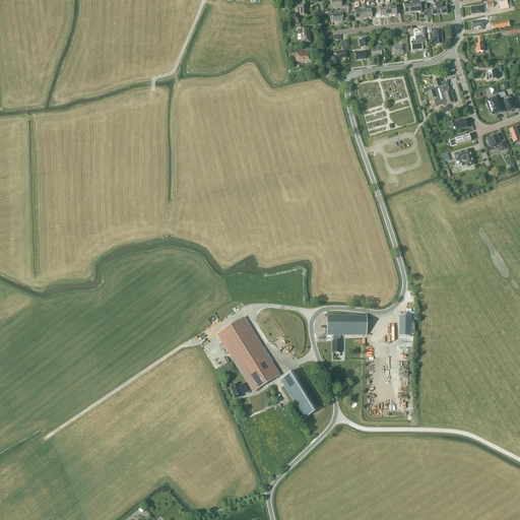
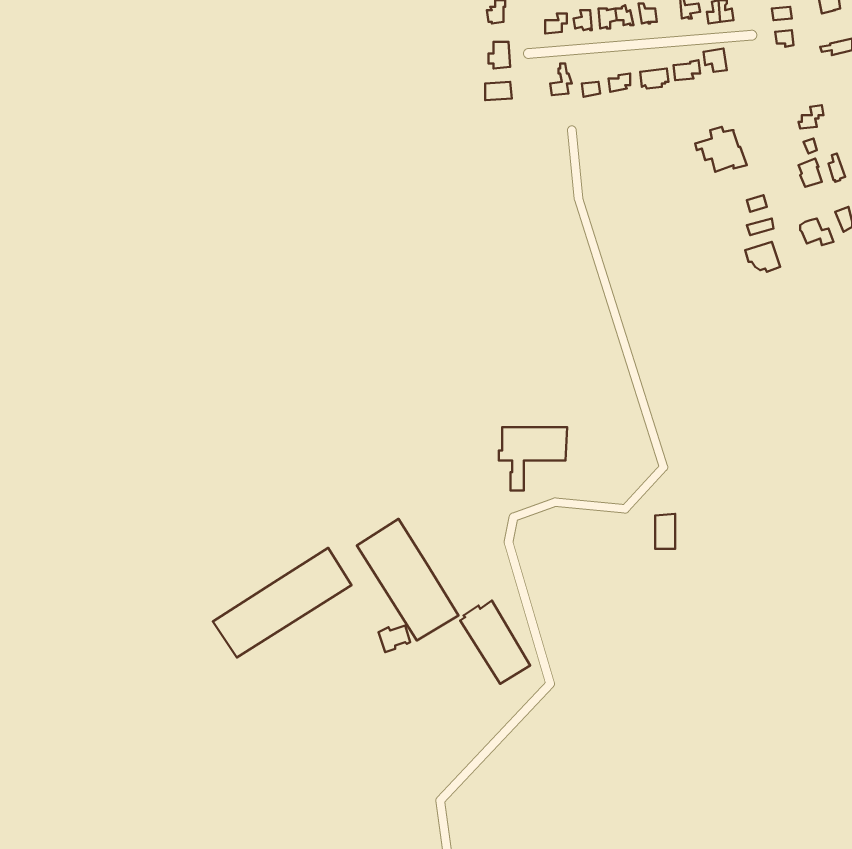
building: [325,313,367,351] -> [499,427,567,490]
building: none -> [213,548,351,657]

